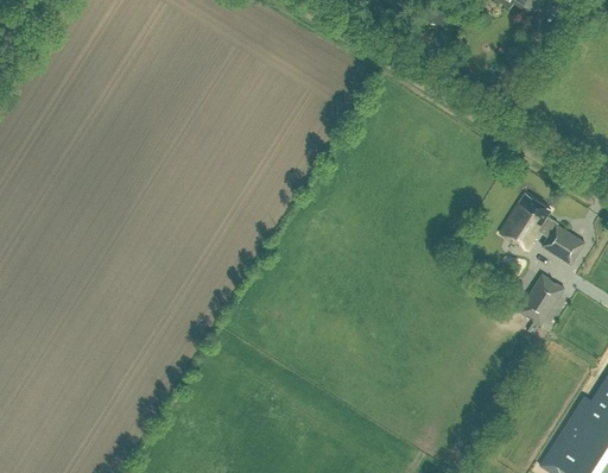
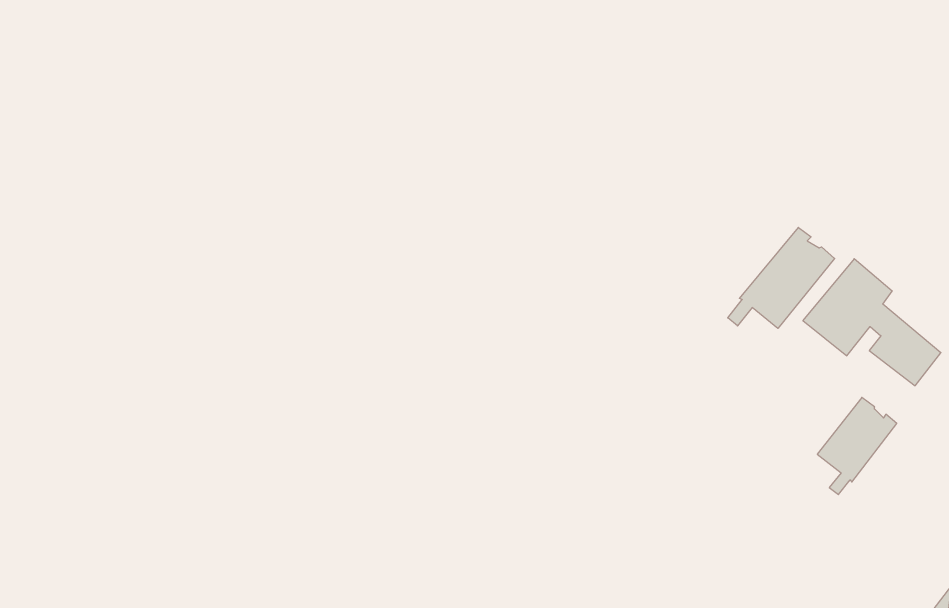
building: none -> [728,227,835,328]

